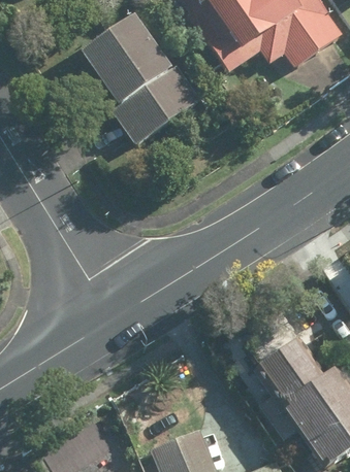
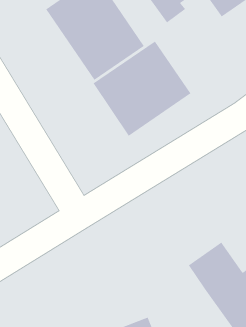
building: none -> [93,41,191,137]

